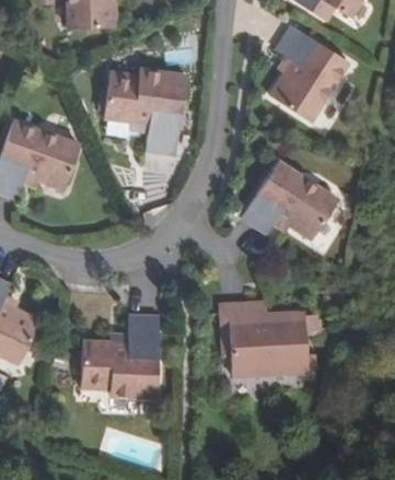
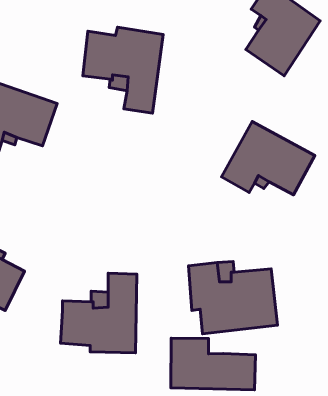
building: none -> [171,338,255,390]

